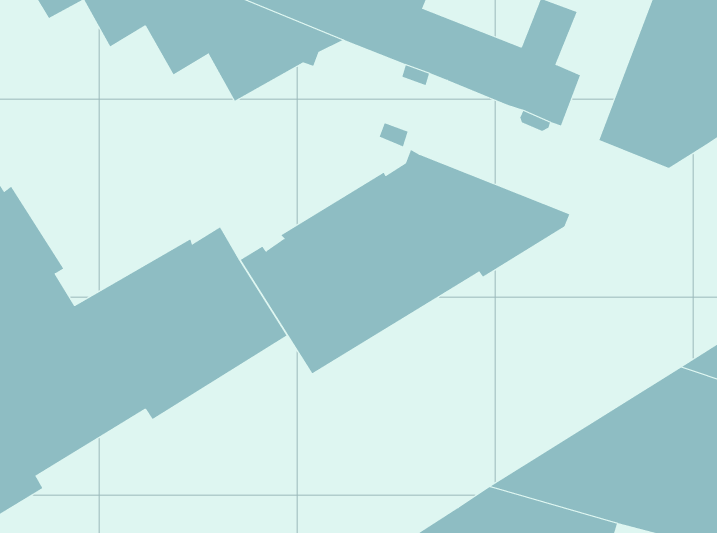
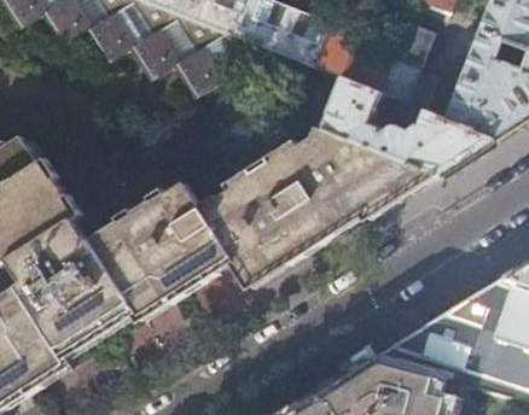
building: none -> [322,78,494,175]

